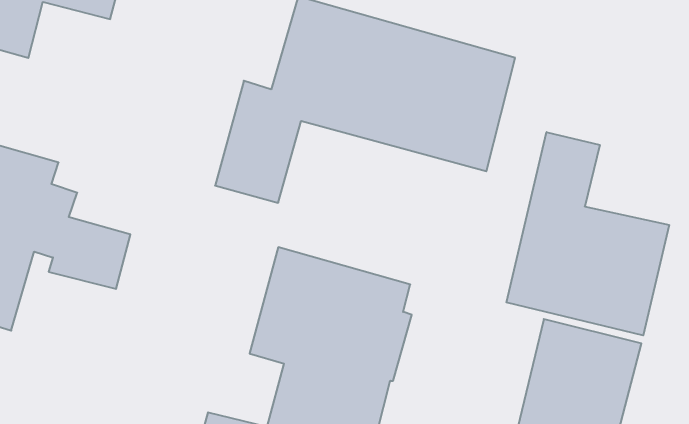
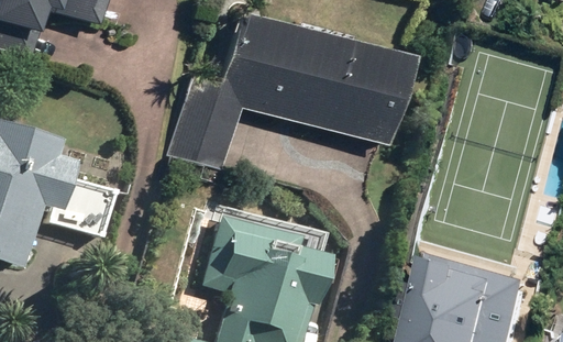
building: [506,132,669,335] -> none

